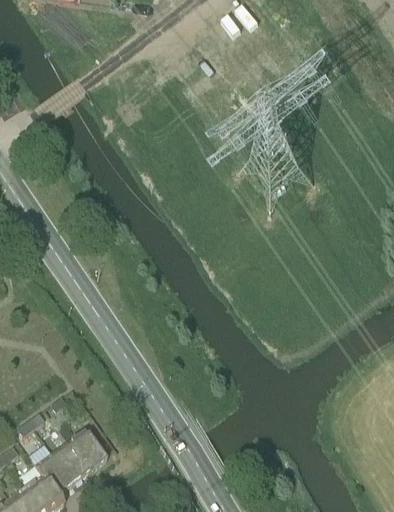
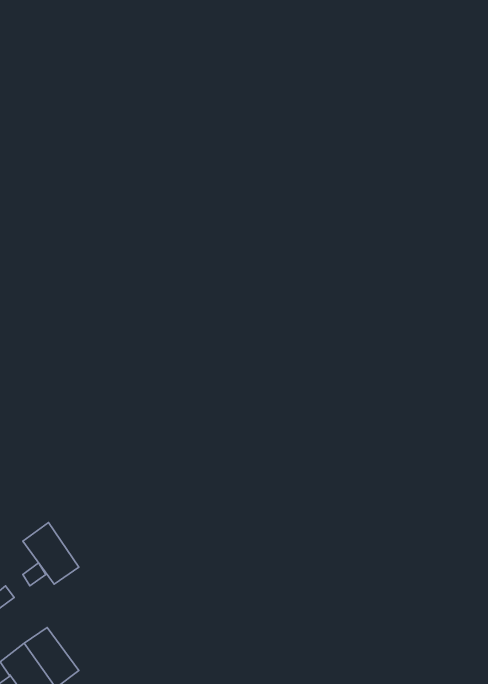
building: [66,431,105,474] -> [23,523,79,584]

